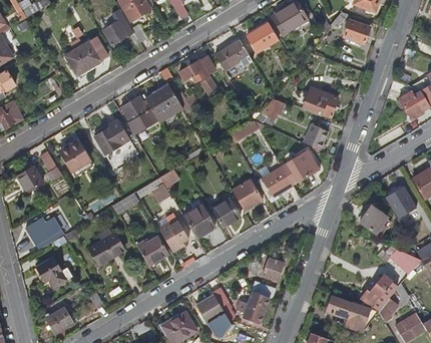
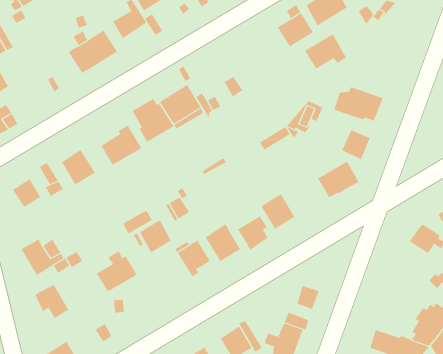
building: [344,18,371,42] -> none
building: [214,40,252,71] -> [304,33,347,69]
building: [178,56,214,84] -> none
building: [257,165,292,202] -> none
building: [138,236,166,265] -> [139,219,172,253]

